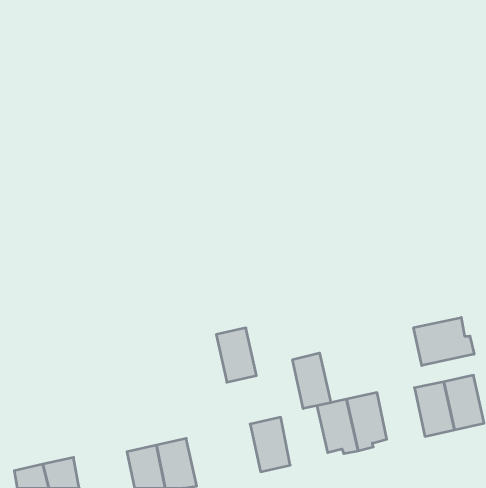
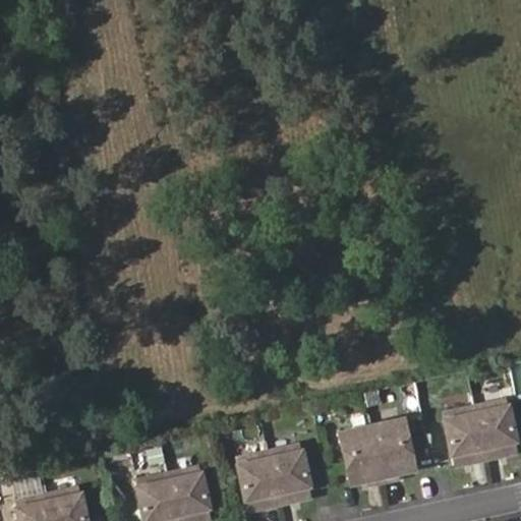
building: [414,317,474,366] -> none
building: [216,328,256,382] -> [237,452,280,510]
building: [293,353,331,409] -> none

